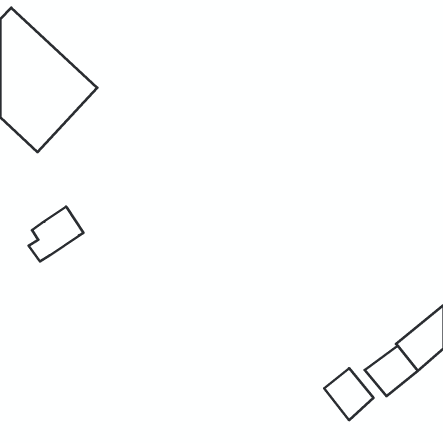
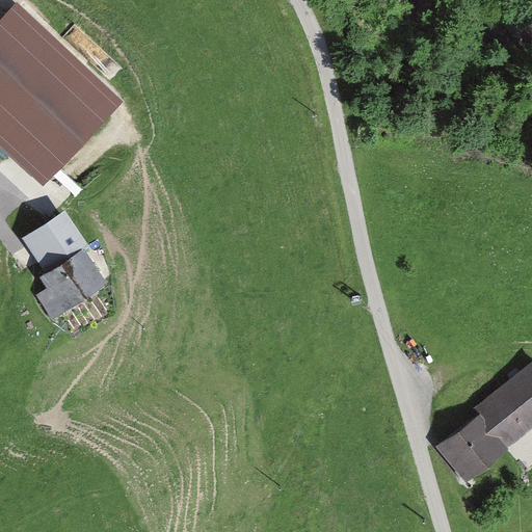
building: none -> [34,220,81,266]
building: [324,368,373,420] -> none

